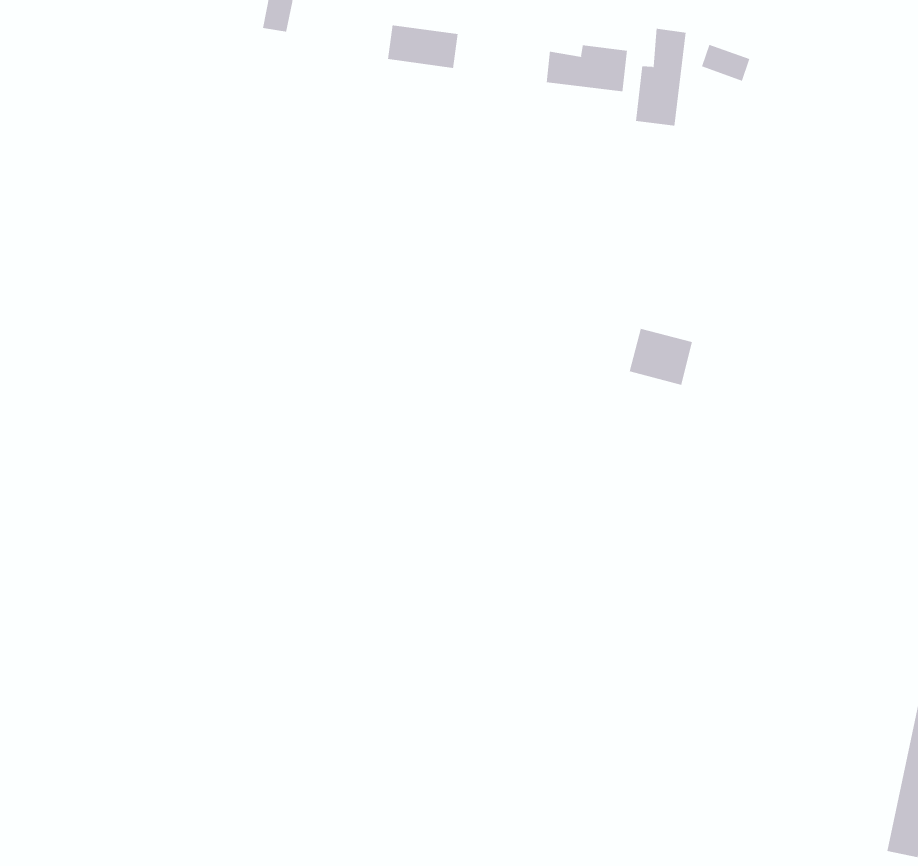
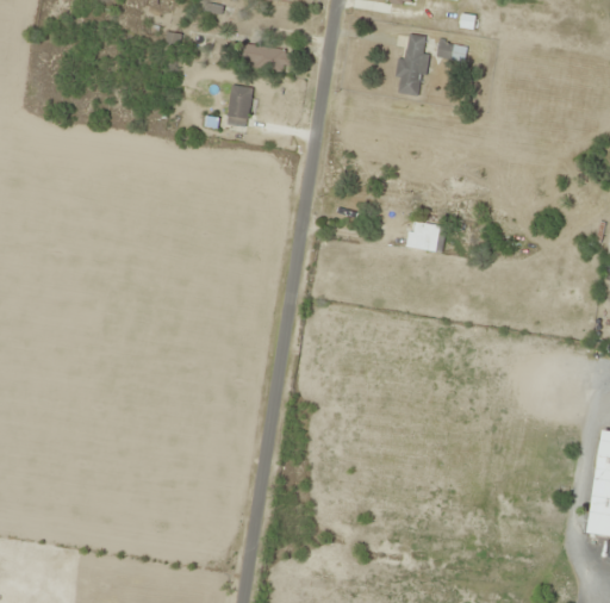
building: [546,44,628,92] -> none
building: none -> [226,86,251,128]

